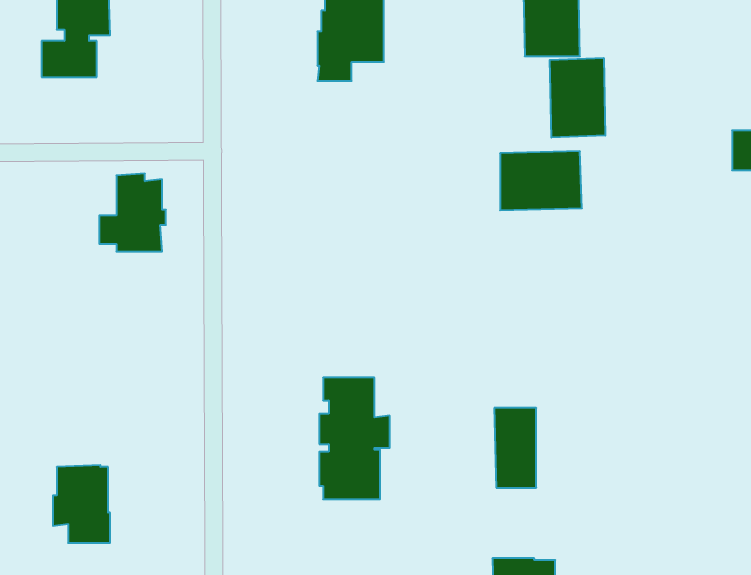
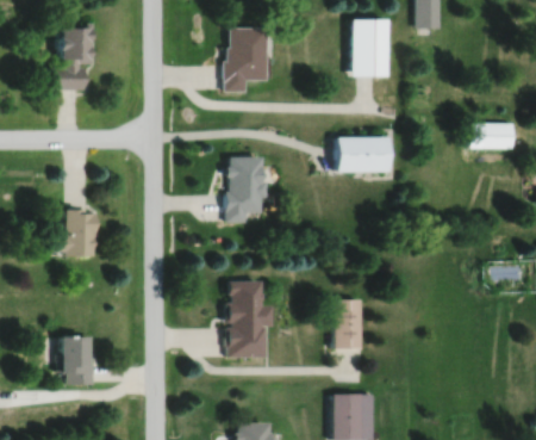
building: [550,58,605,138] -> none
building: [99,174,166,252] -> [55,206,96,255]
building: none -> [226,159,267,224]

